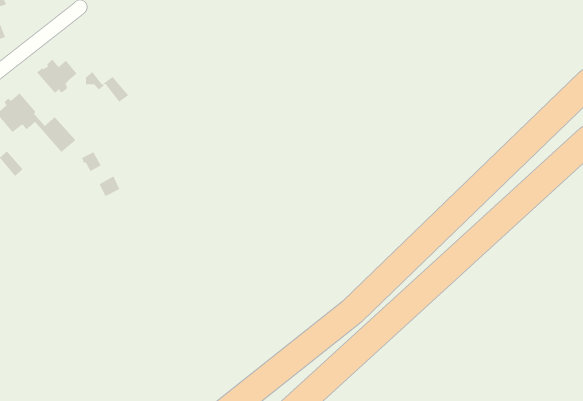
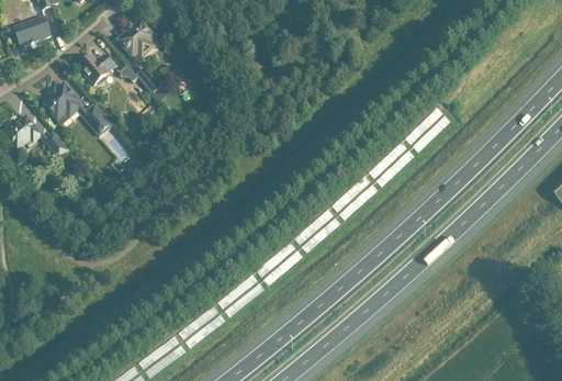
building: none -> [120,21,153,54]

